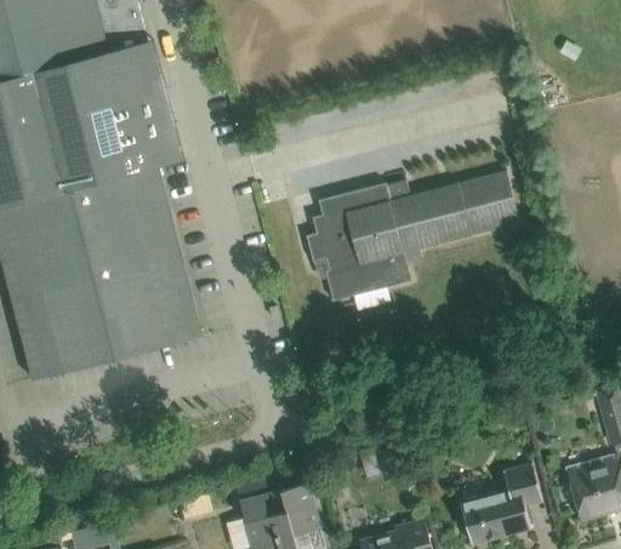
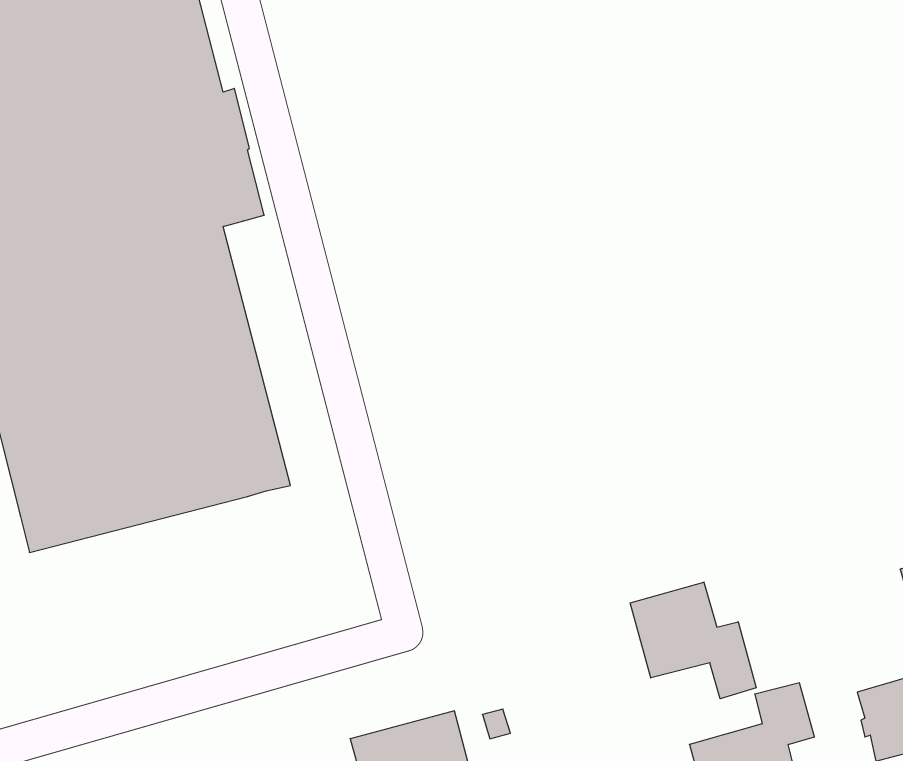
building: [306,170,519,301] -> none
building: none -> [630,582,756,699]

